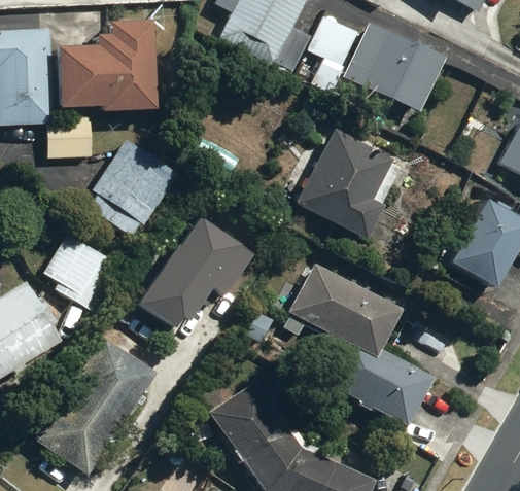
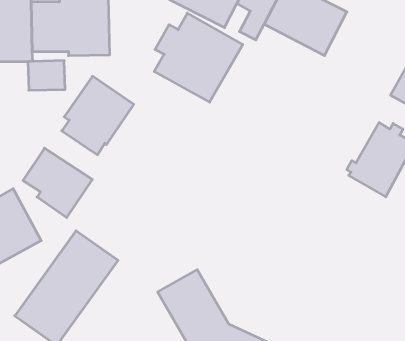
building: [294,127,405,238] -> [154,13,243,102]
building: [137,211,256,330] -> none
building: [288,260,435,427] -> none

